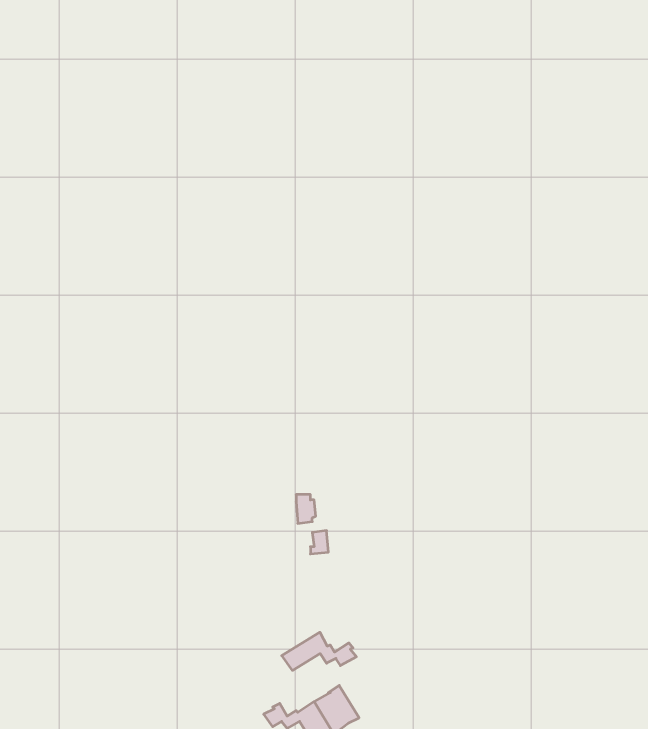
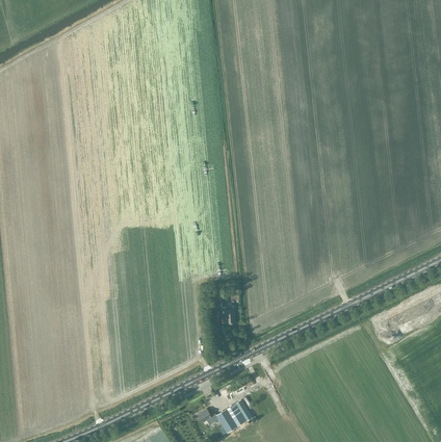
building: [282,632,356,670] -> none

